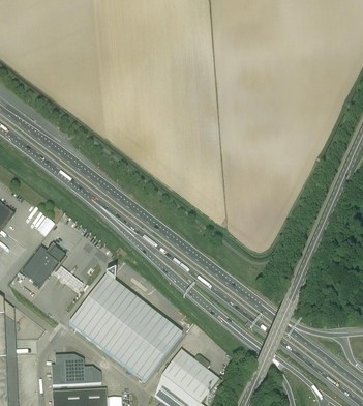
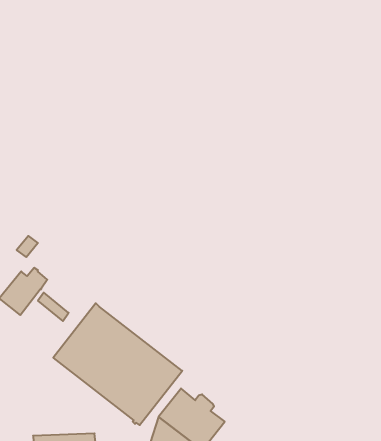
building: [50,354,100,384] -> none

